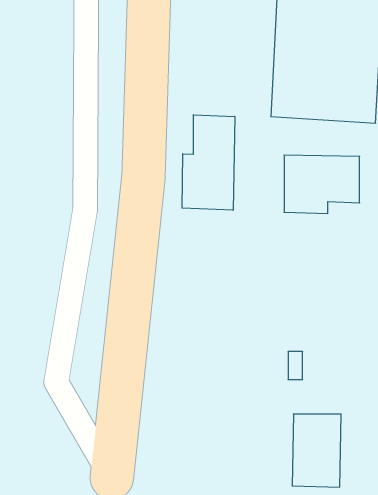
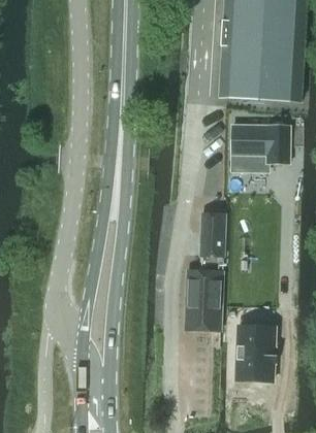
building: [182,115,235,210] -> none
building: none -> [185,213,225,329]

